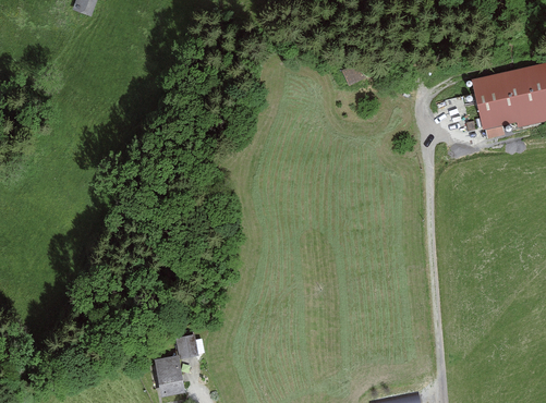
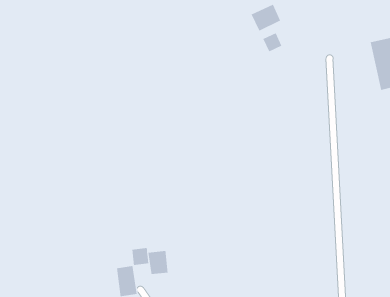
building: none -> [251,4,281,32]
building: none -> [148,250,168,275]

